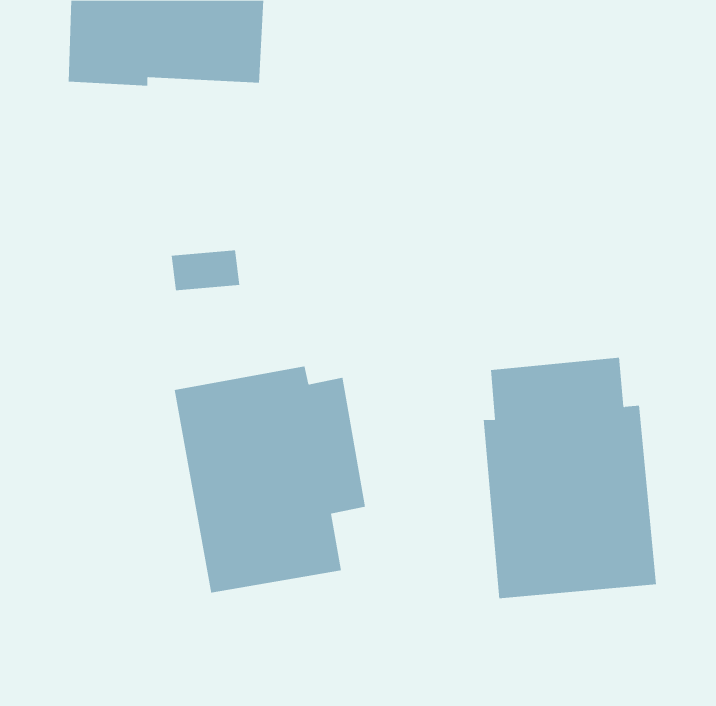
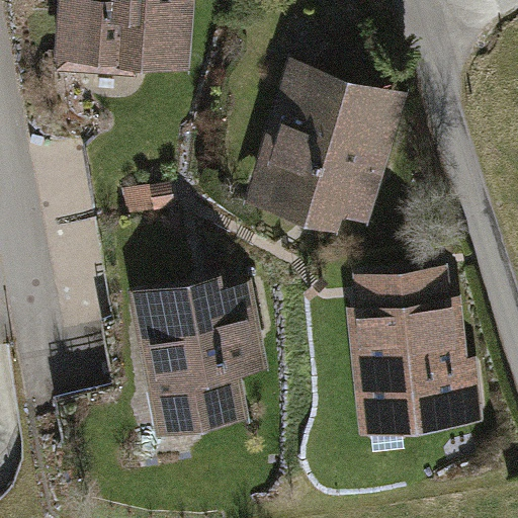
building: none -> [243,33,414,234]

